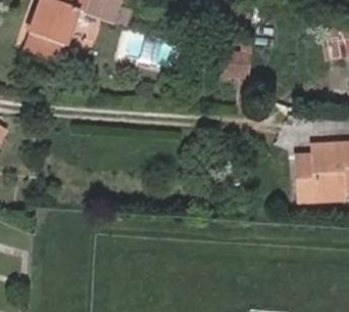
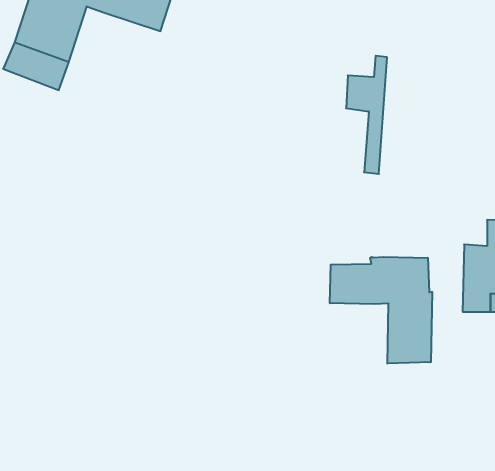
building: none -> [330,257,432,364]

